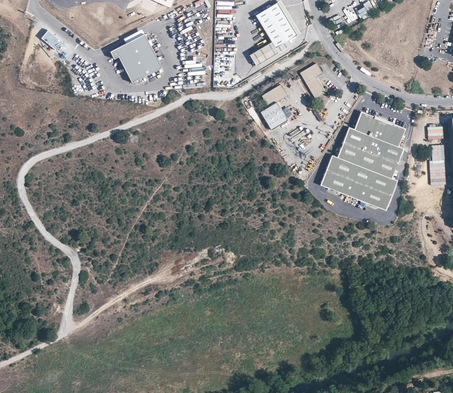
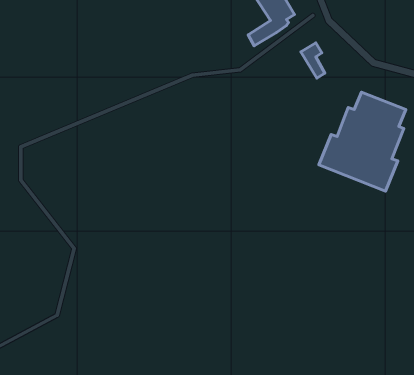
building: [110,33,162,81] -> none
building: [262,84,290,130] -> none

